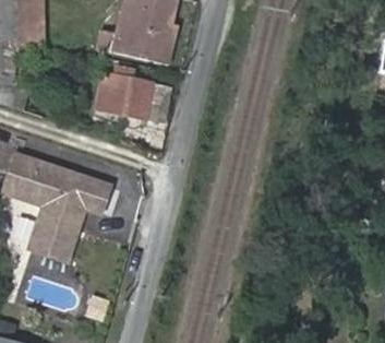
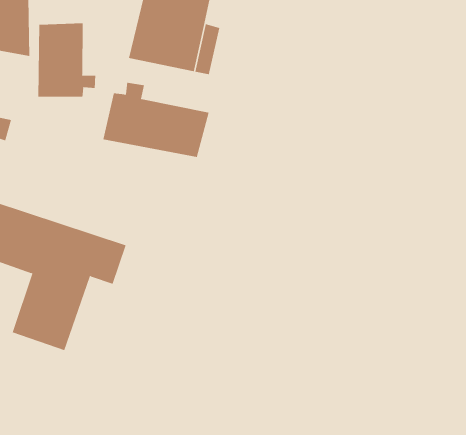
building: none -> [38,22,96,98]

